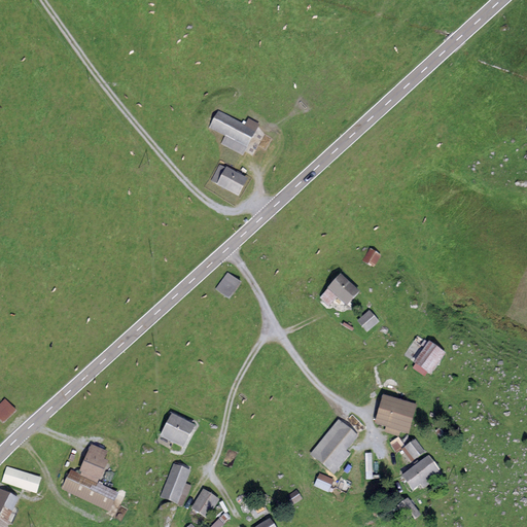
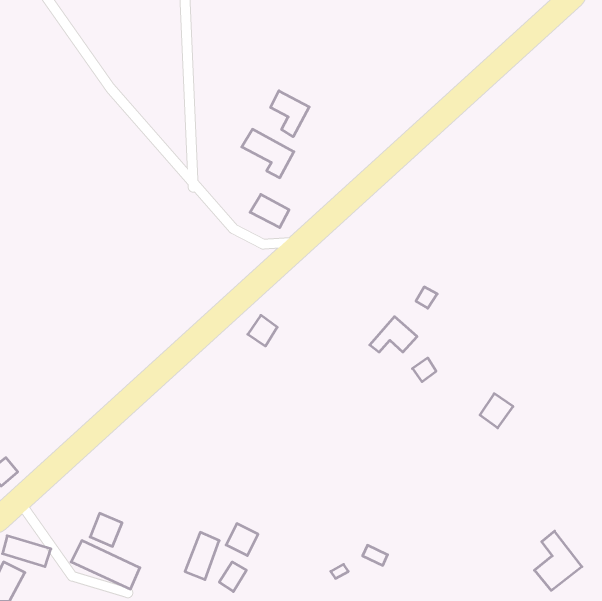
building: none -> [271,91,309,137]
building: [375,393,419,434] -> none
building: [161,413,188,441] -> [226,524,258,556]
building: [309,418,357,472] -> none
building: [401,441,443,492] -> [534,531,582,590]

